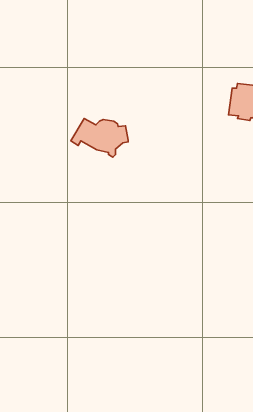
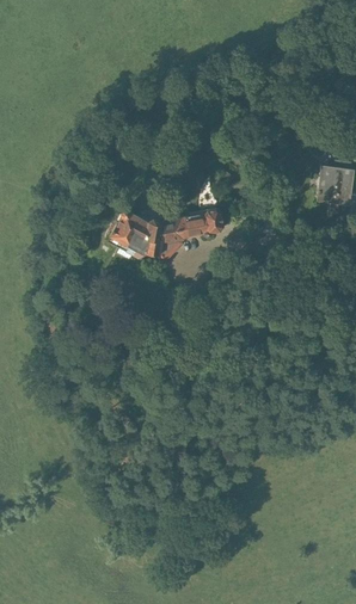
building: none -> [178,212,221,240]

